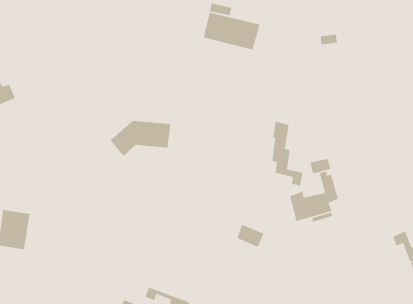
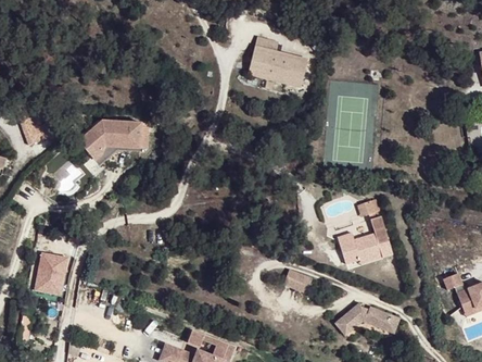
building: [110,120,171,157] -> [76,129,140,167]
building: [271,121,303,187] -> none
building: none -> [335,300,396,337]

